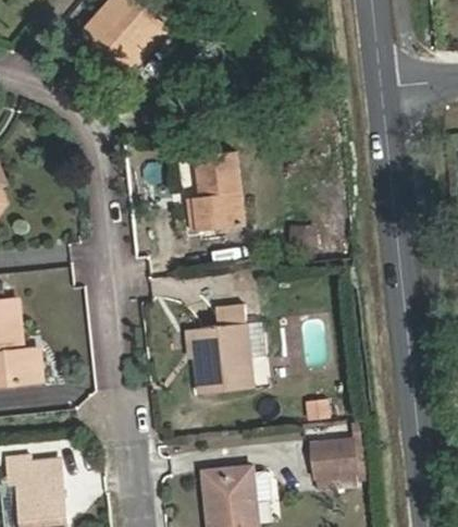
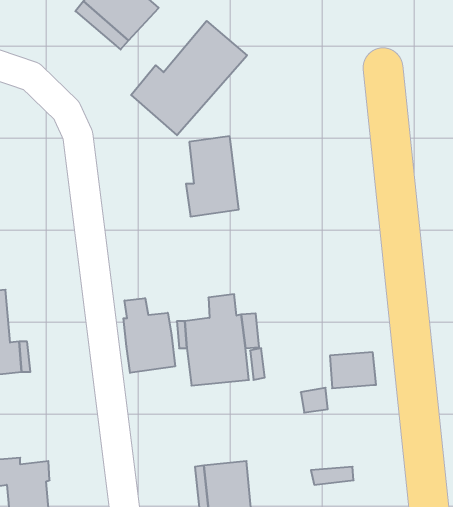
building: none -> [131,21,247,135]
building: none -> [123,298,175,373]
building: [310,439,355,474] -> [330,352,376,388]

